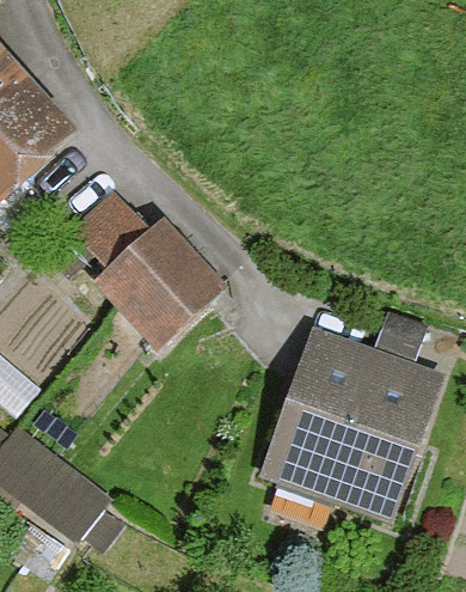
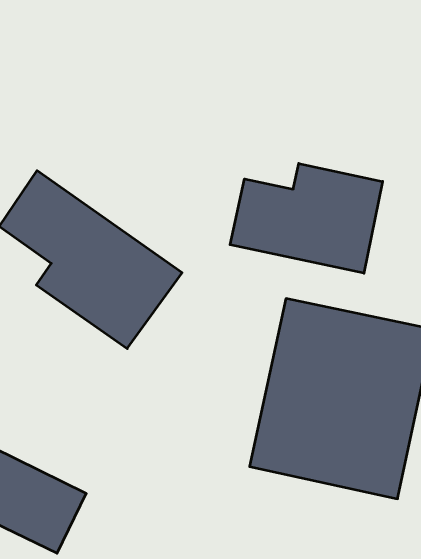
building: none -> [230,163,383,273]

